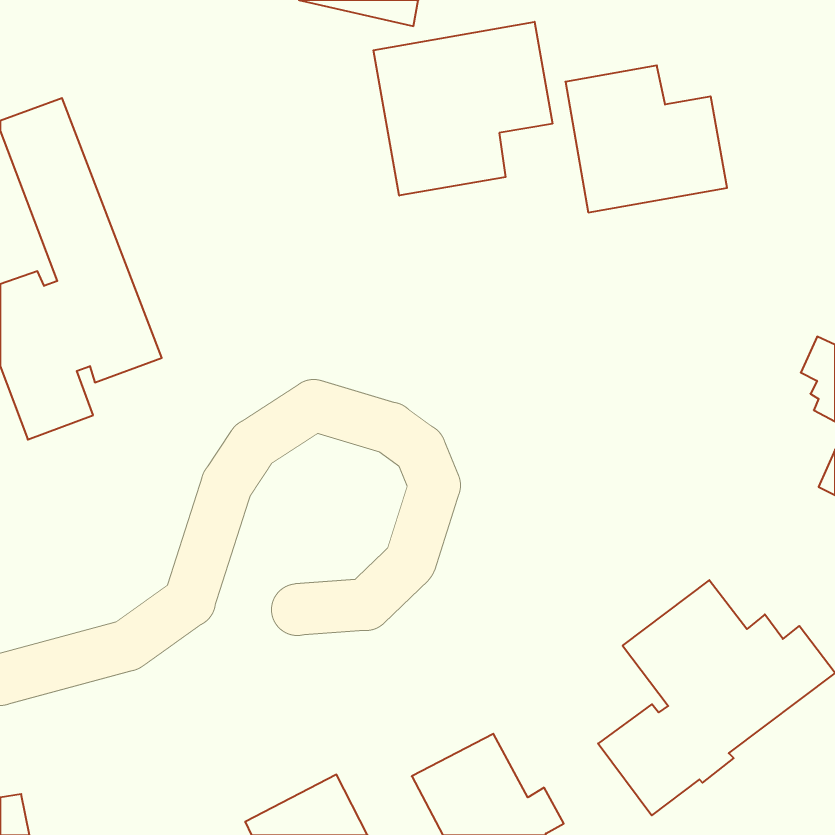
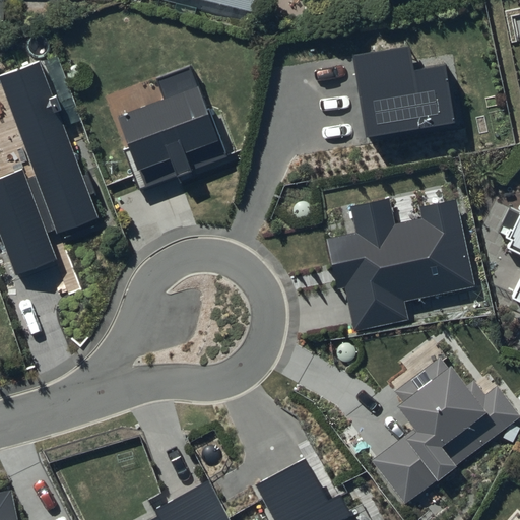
building: [373,22,552,196] -> none
building: none -> [114,61,230,189]
building: none -> [325,200,473,333]

